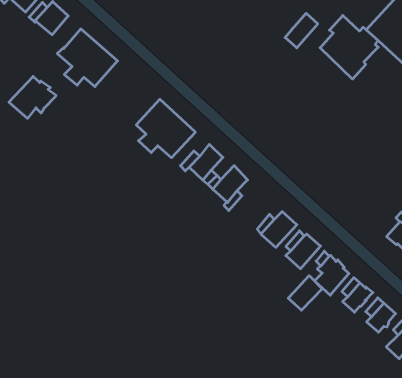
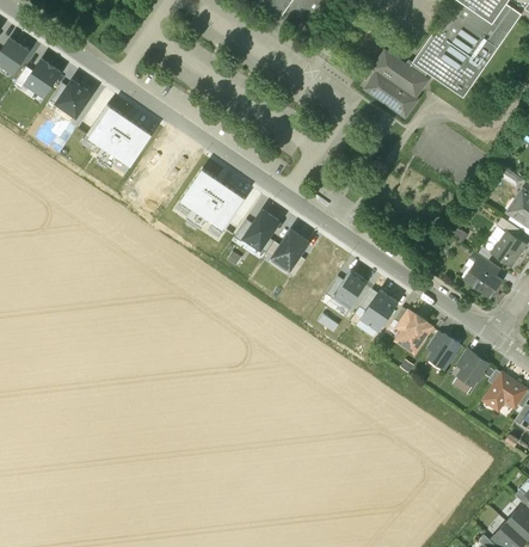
building: [285,13,318,48] -> none
building: [9,76,56,118] -> none
building: [288,276,322,310] -> none

